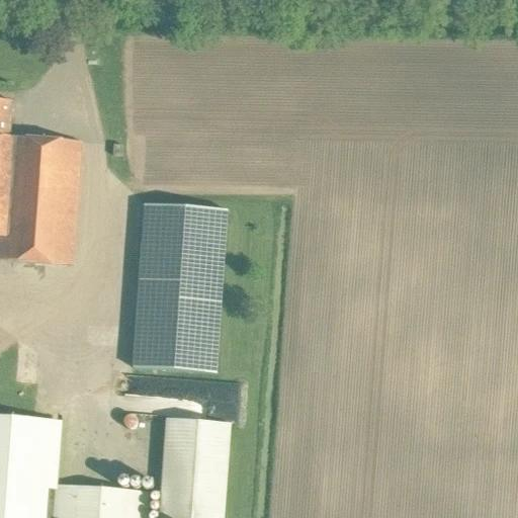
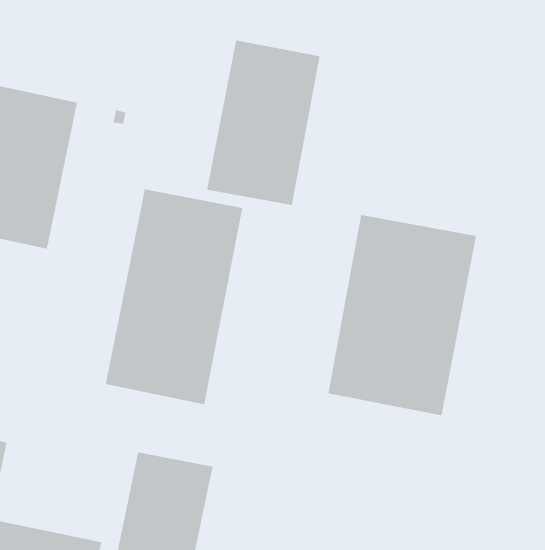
building: none -> [206,40,320,206]
building: none -> [327,214,477,416]

